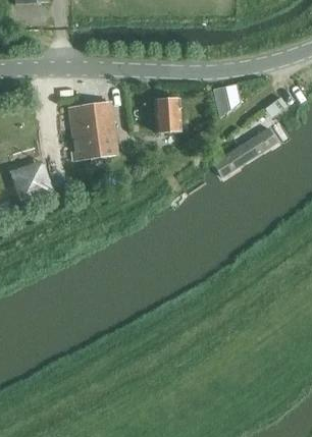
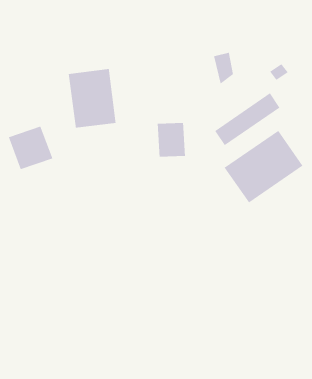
building: [153,99,181,133] -> [157,122,186,157]
building: none -> [224,130,304,204]

